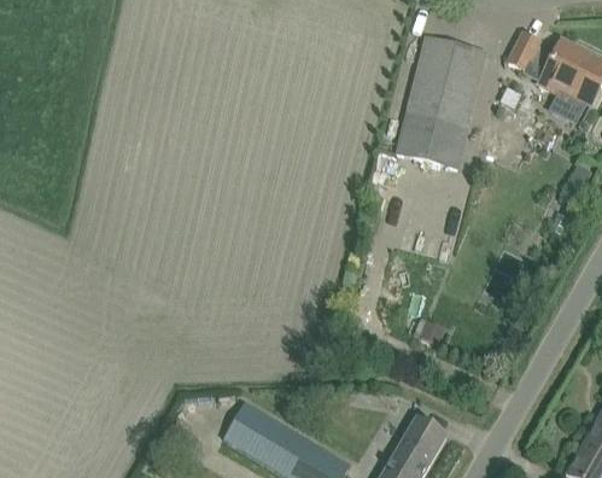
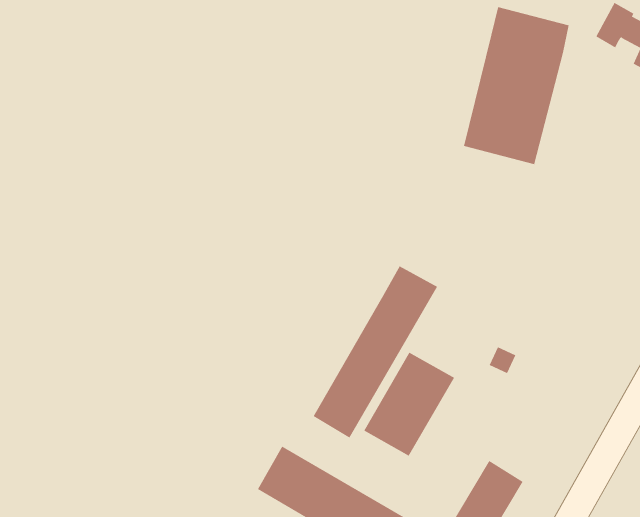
building: none -> [313,265,438,439]
building: none -> [363,352,455,457]

